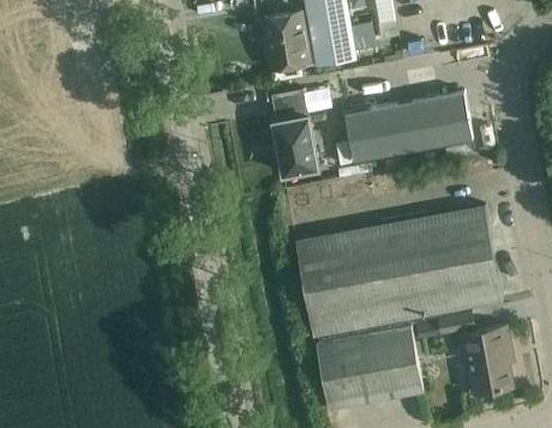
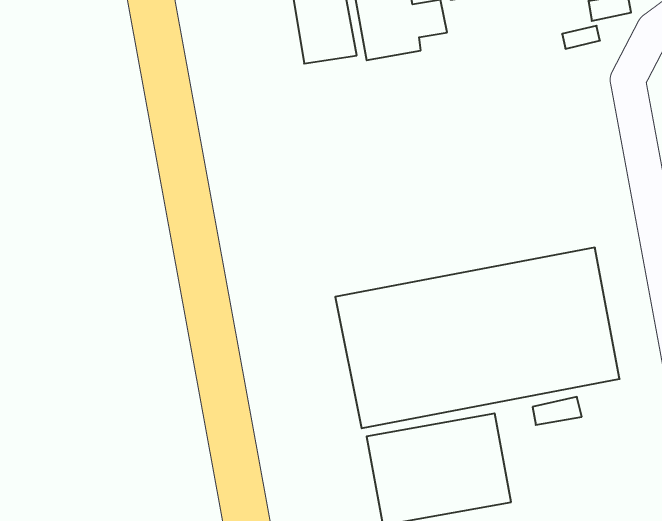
building: [271,92,317,176] -> none
building: [343,94,470,163] -> none
building: [457,326,511,392] -> none

